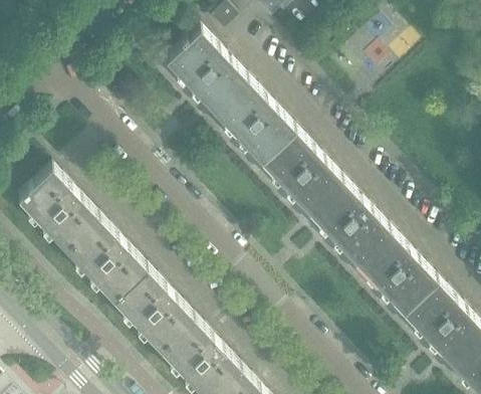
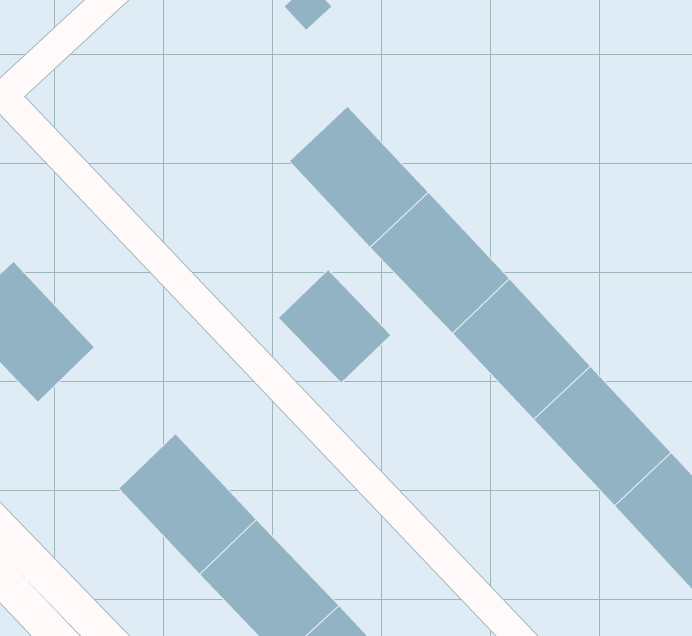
building: [167,31,248,114] -> none
building: none -> [278,270,391,383]
building: [67,222,148,305] -> none

